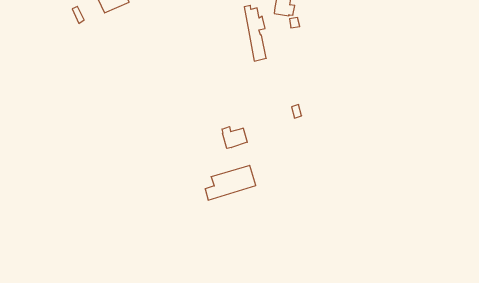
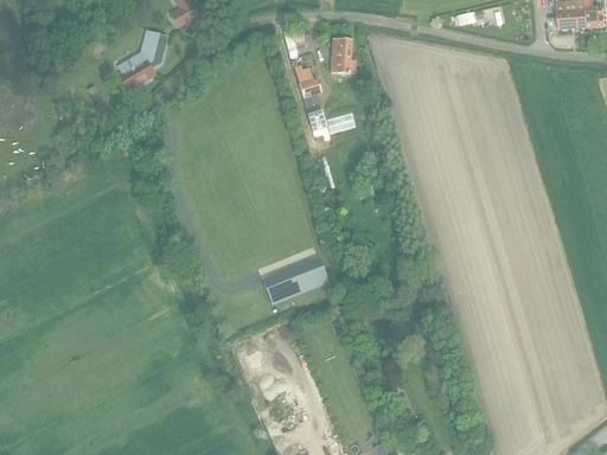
building: [222,127,247,148] -> none

